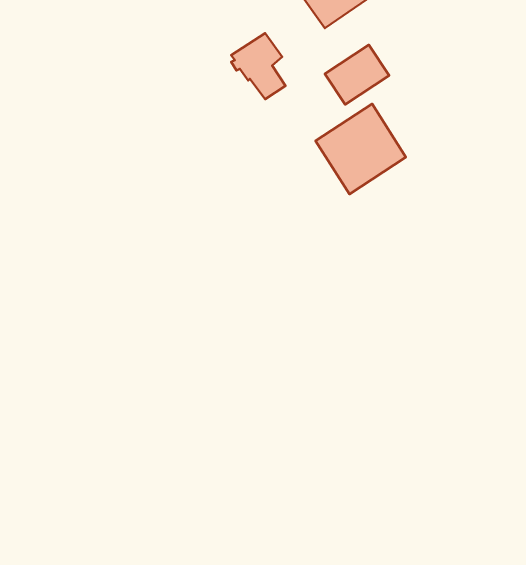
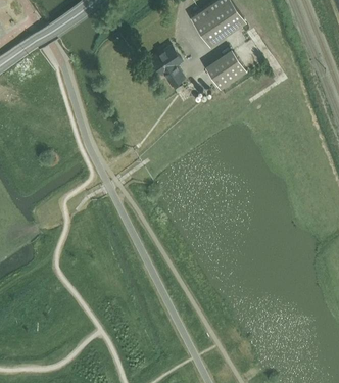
building: [316,104,406,194] -> none

